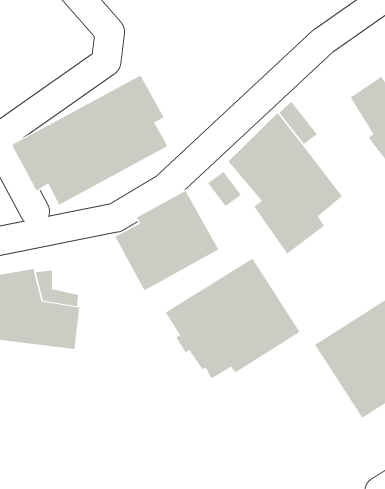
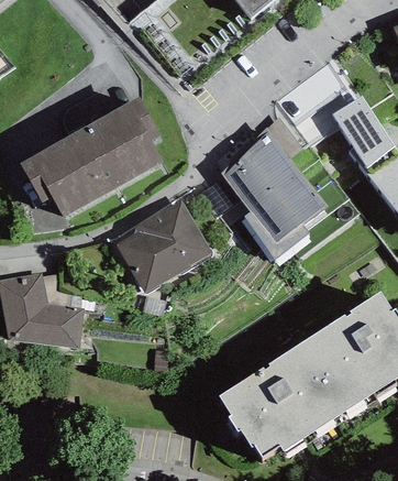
building: [165,258,300,379] -> [218,345,343,457]

